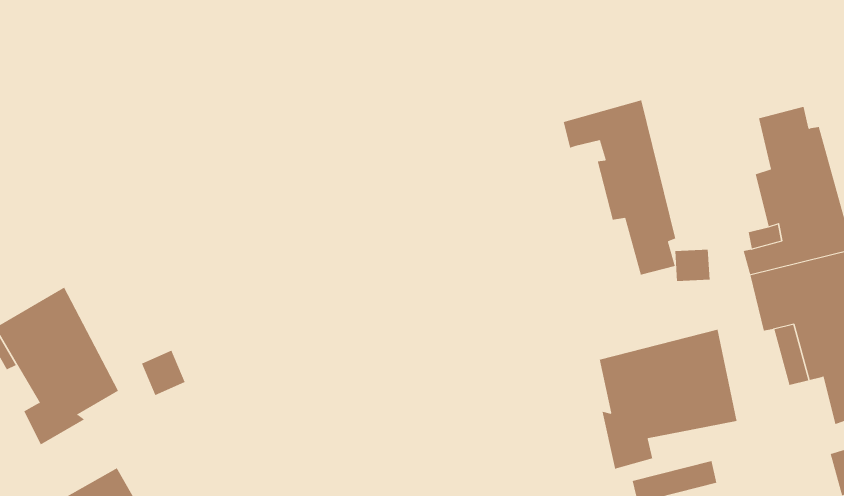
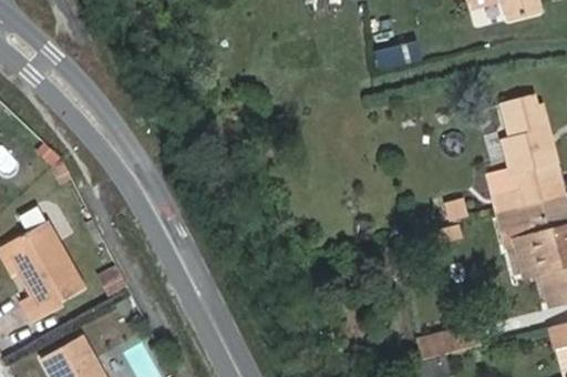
building: [563,100,676,276] -> none
building: [599,329,737,469] -> none

